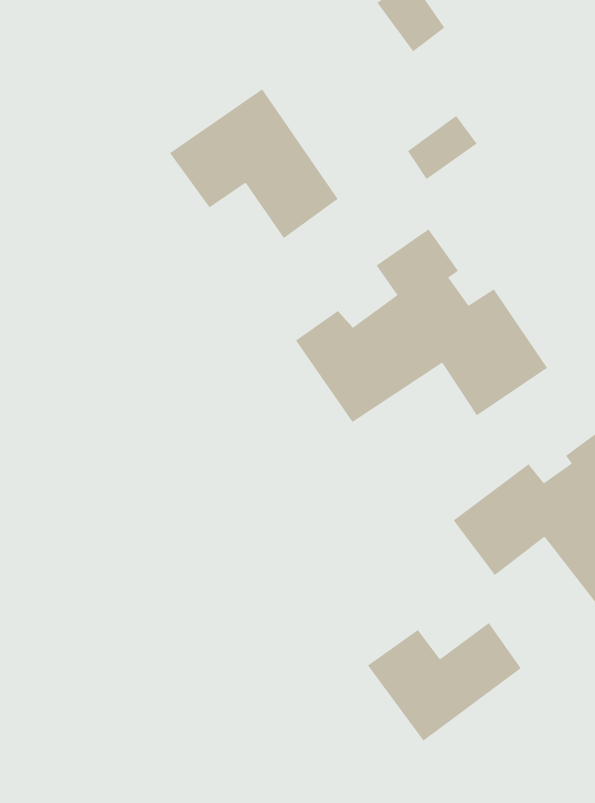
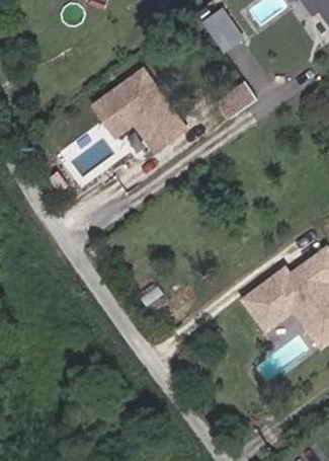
building: [295,228,548,423] -> none
building: [367,622,522,741] -> none

